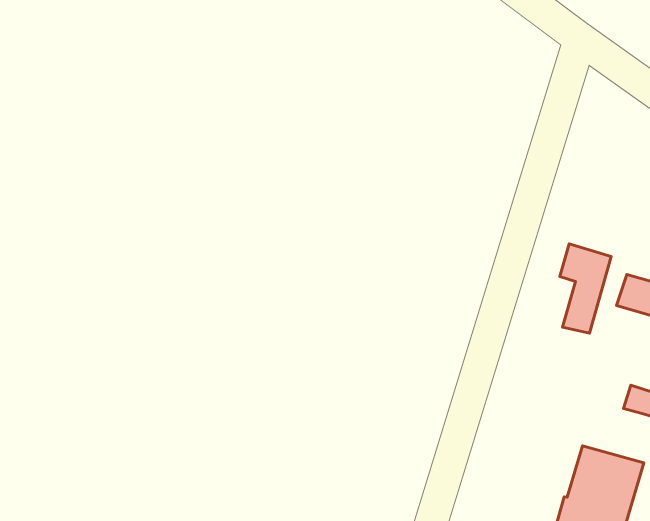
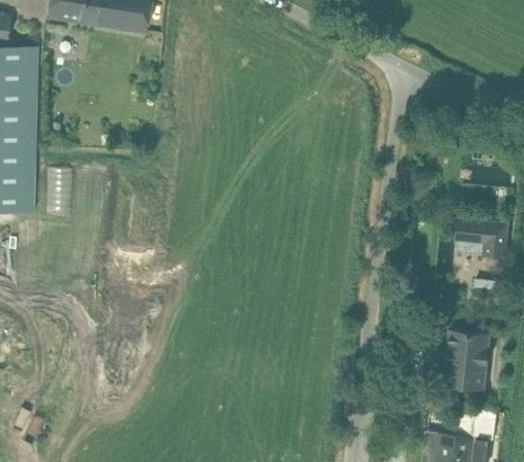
building: [560,244,611,333] -> none

